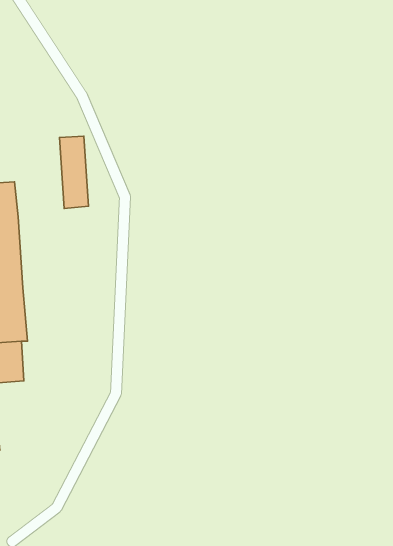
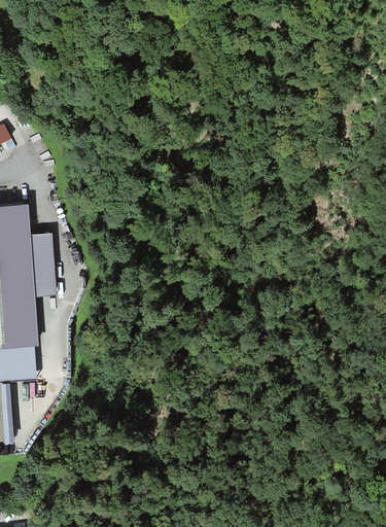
building: [59,136,89,208] -> [30,232,56,295]

